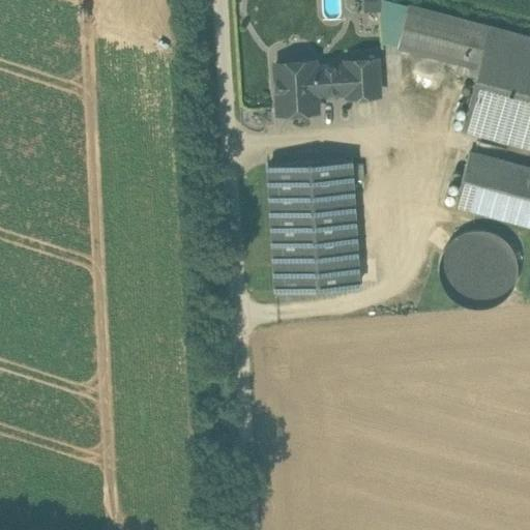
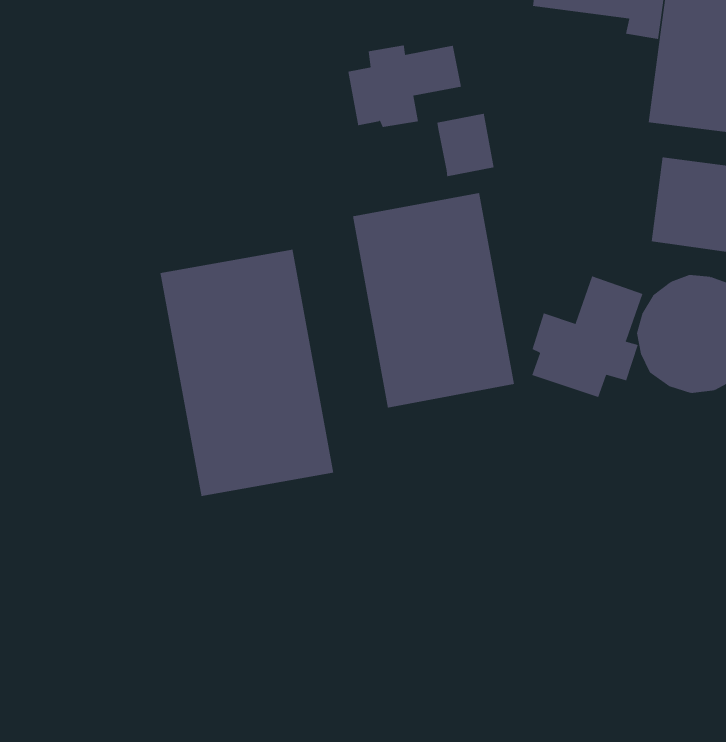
building: [347,60,380,97] -> [437,113,494,177]
building: none -> [160,249,334,497]
building: none -> [531,275,643,398]

